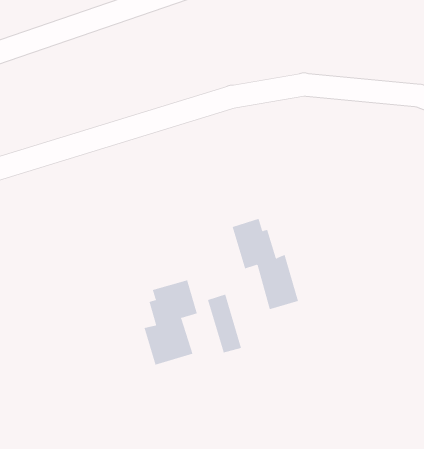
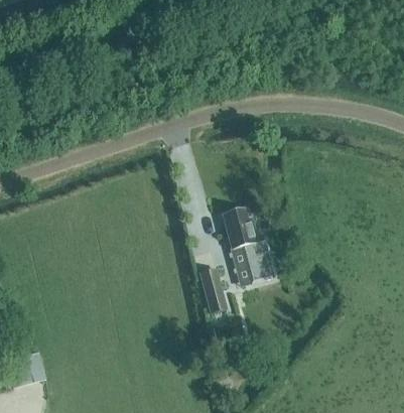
building: [144,280,198,366] -> none

